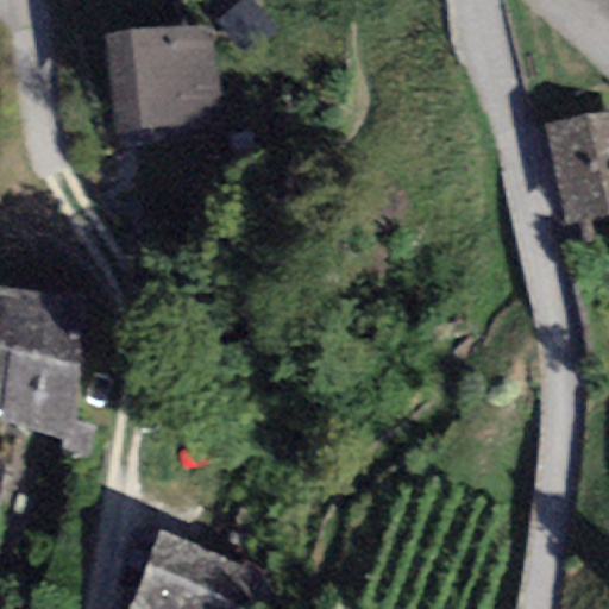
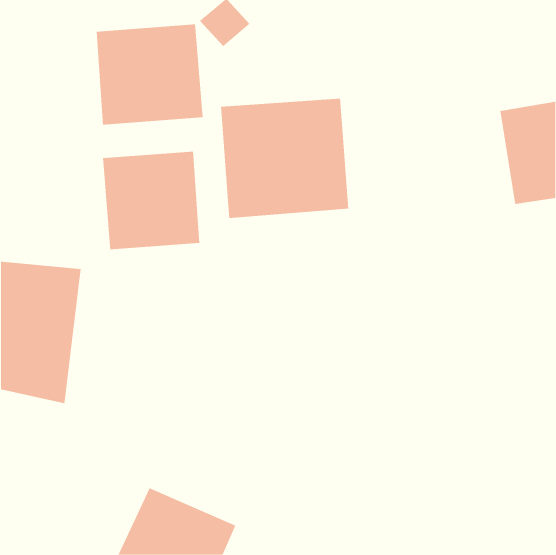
building: none -> [220,98,349,219]
building: none -> [103,151,200,250]

